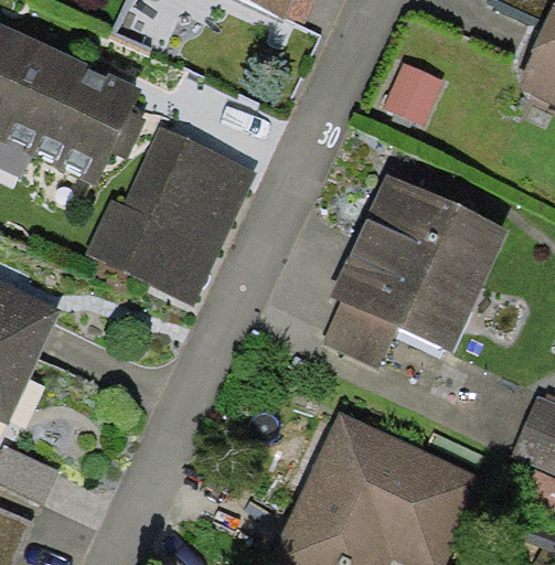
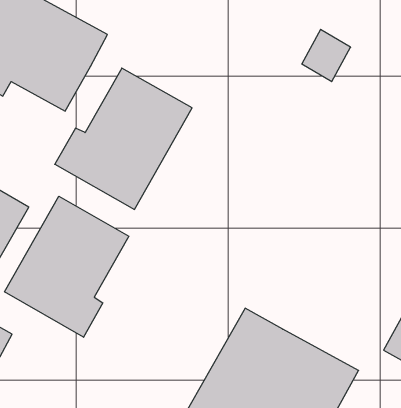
building: [324,175,505,366] -> none
building: none -> [5,196,129,337]

